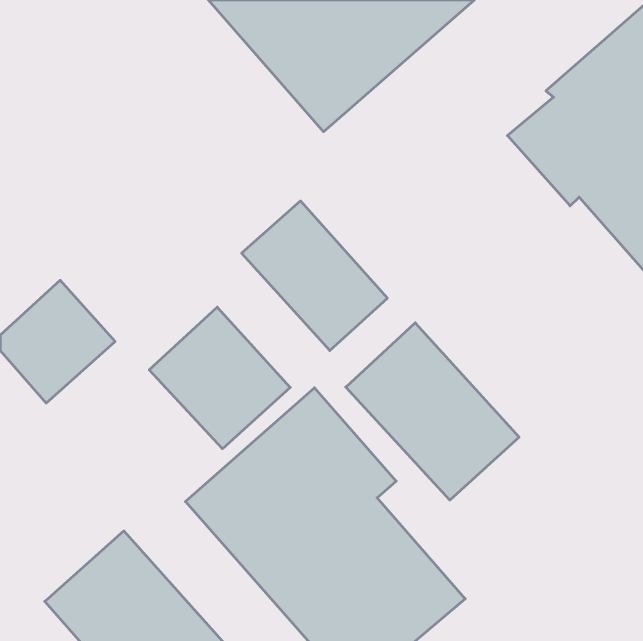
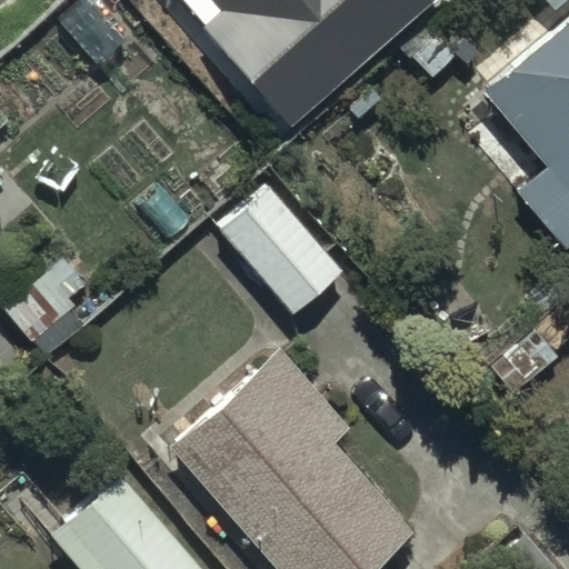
building: [149,307,290,449] -> none
building: [346,323,519,500] -> none

